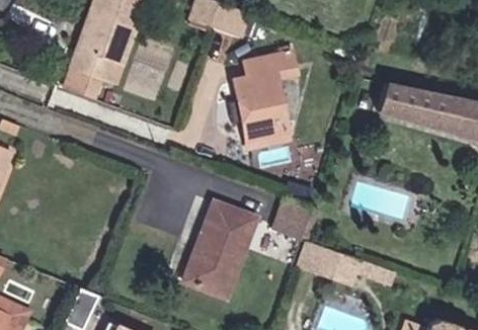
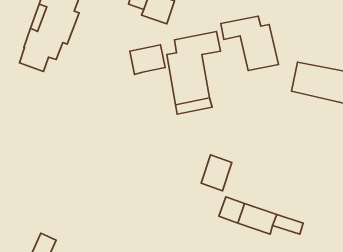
building: none -> [221,16,279,71]
building: none -> [130,45,165,74]
building: [186,199,264,292] -> none

